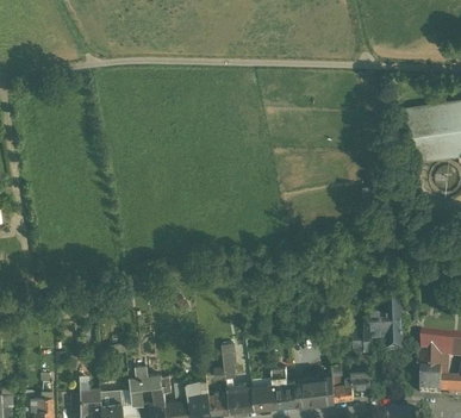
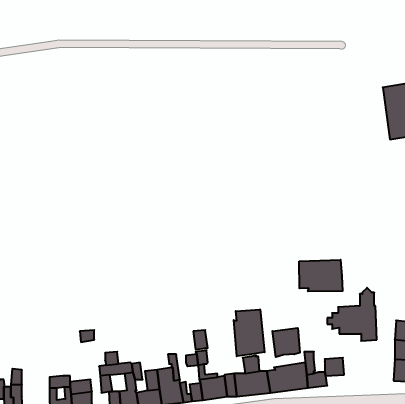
building: none -> [299,260,343,291]
building: none -> [234,309,265,356]
building: none -> [272,328,300,357]

